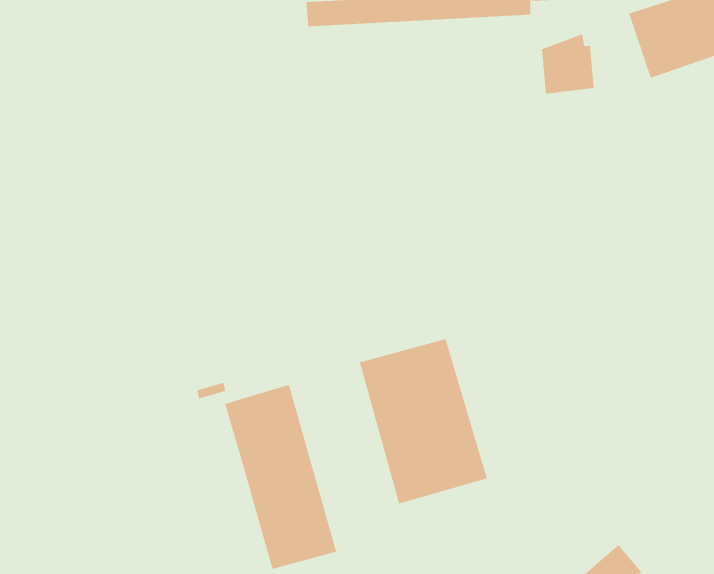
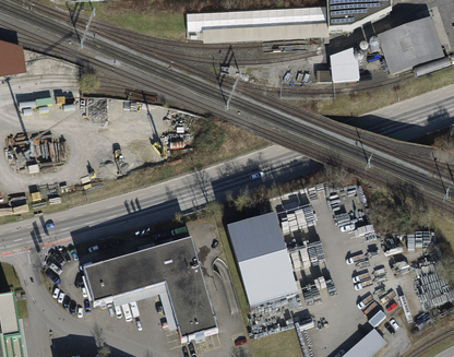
building: none -> [82,249,165,304]

